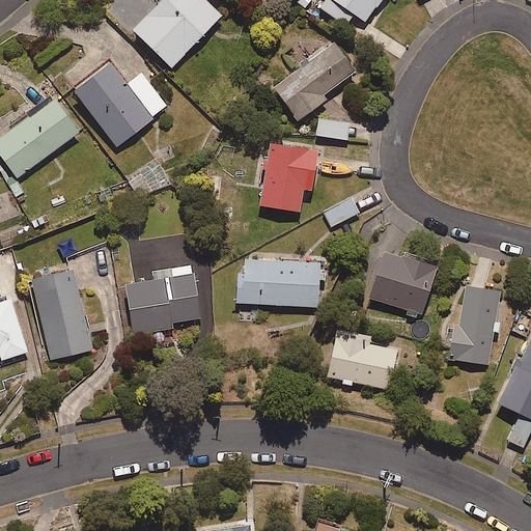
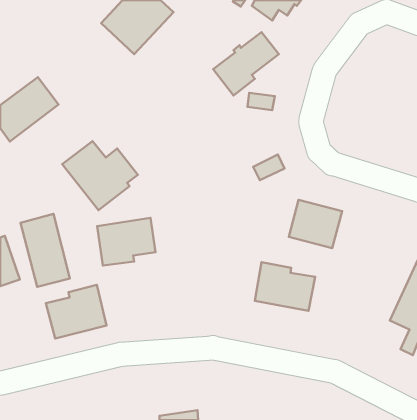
building: [72,62,167,149] -> [62,141,138,210]
building: [261,144,317,212] -> none
building: [236,260,327,306] -> none
building: [449,286,501,365] -> none
building: none -> [46,285,107,338]

